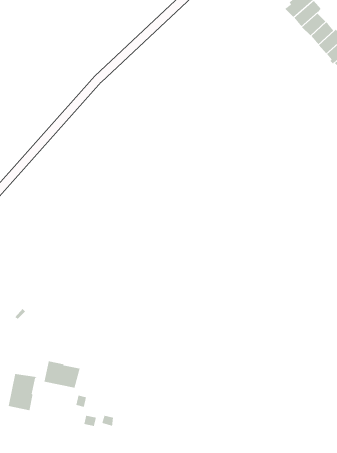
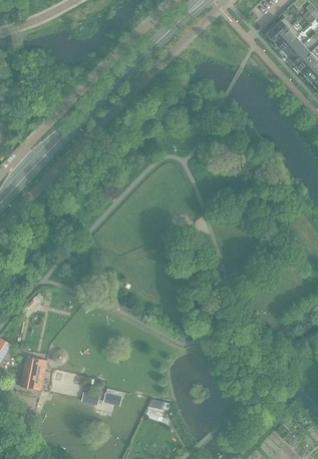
building: [44,361,81,389] -> none

